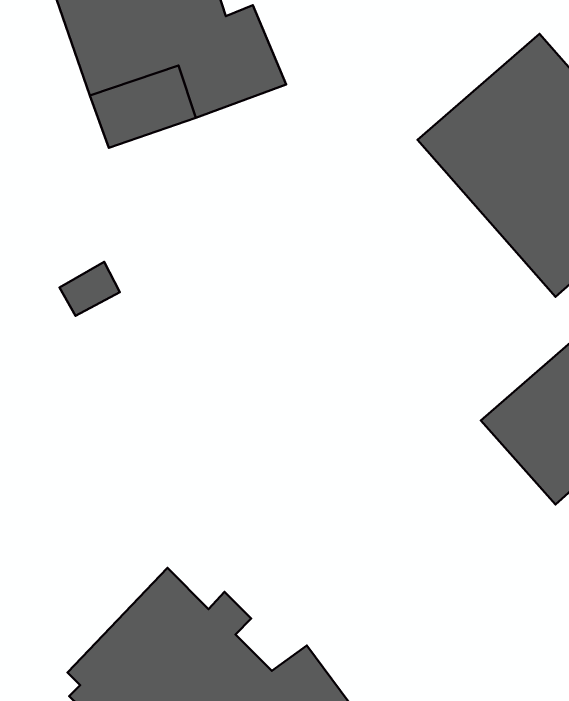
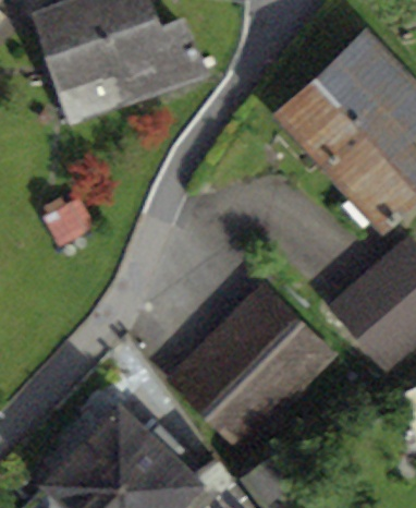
building: none -> [175,292,326,444]

